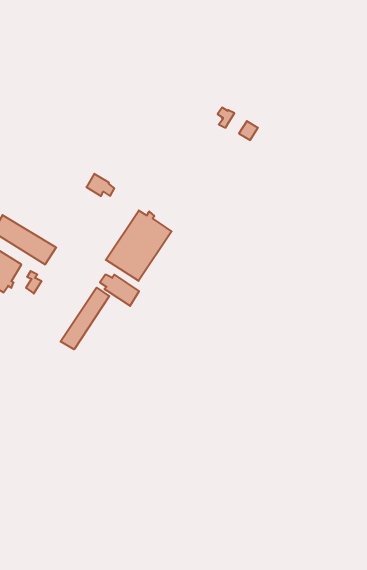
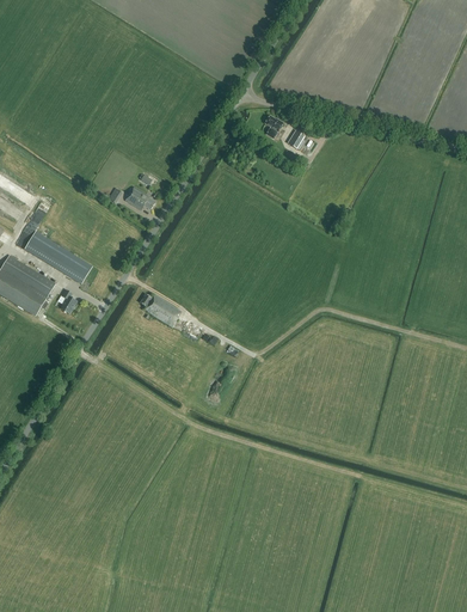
building: [106,210,172,281] -> none
building: [61,288,109,349] -> none

